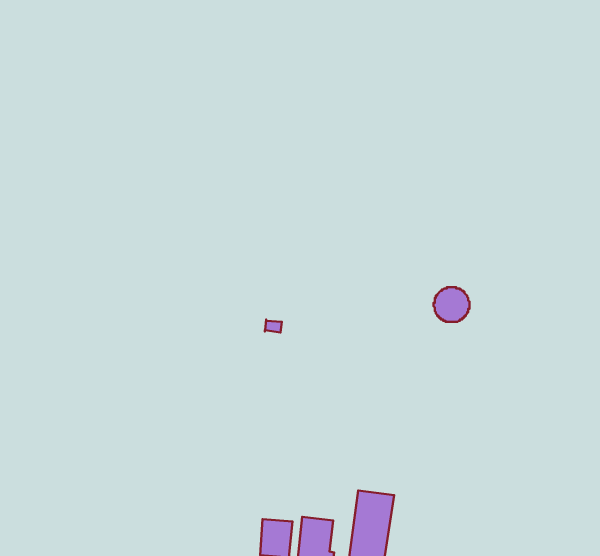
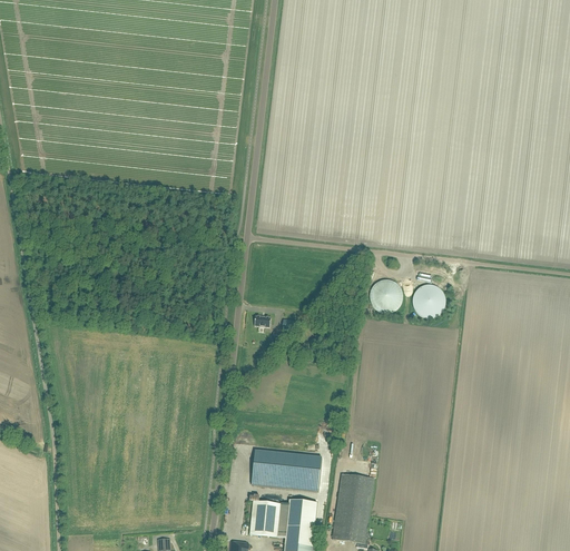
building: none -> [368,278,402,312]
building: none -> [252,451,321,490]

